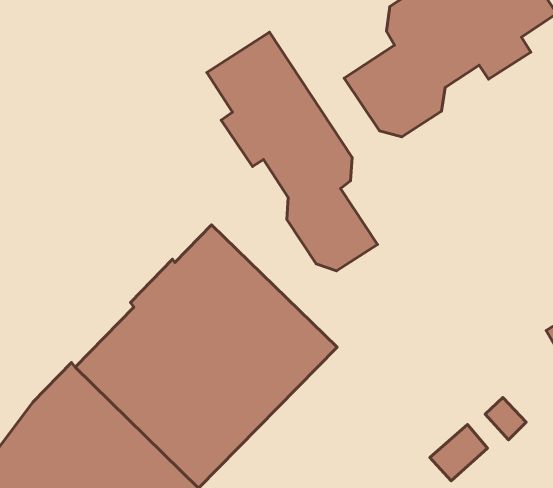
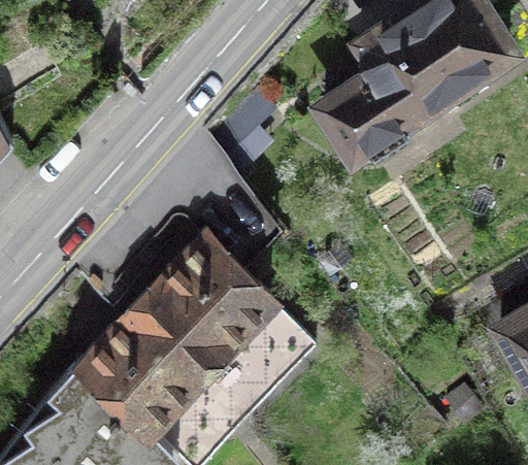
building: [207,32,378,271] -> none

